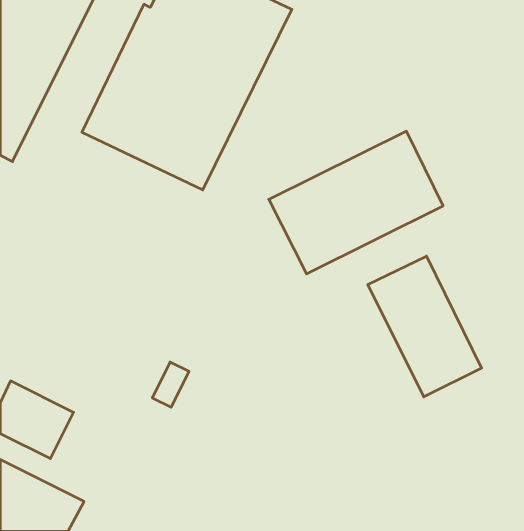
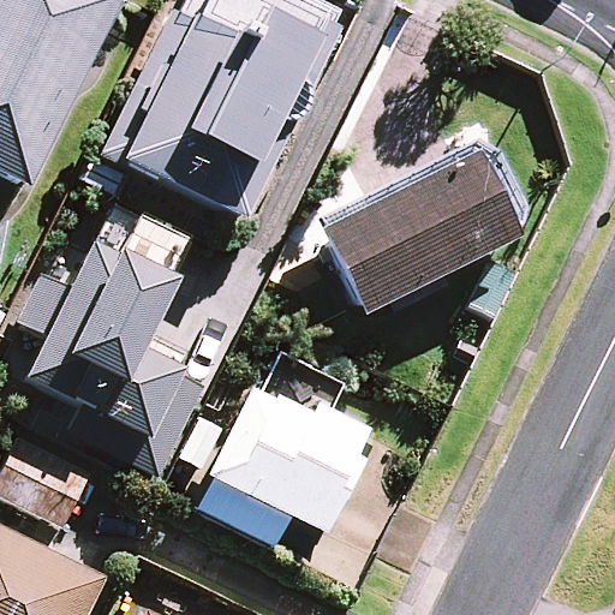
building: none -> [24,240,211,476]
building: [368,256,482,397] -> none
building: none -> [209,387,371,532]

